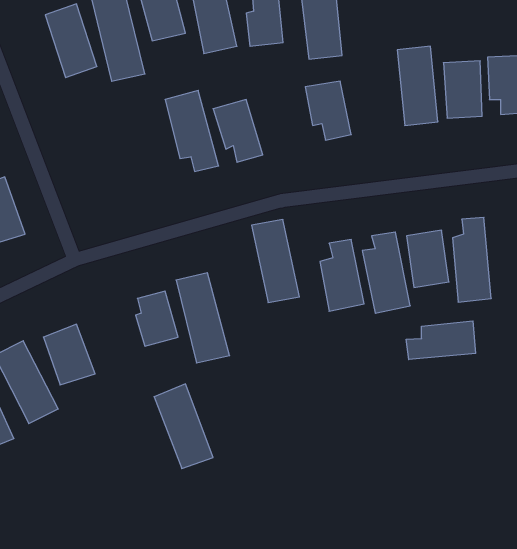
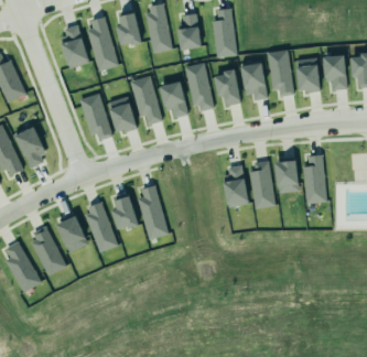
building: none -> [241,61,267,98]
building: none -> [79,93,112,142]
building: none -> [107,96,138,134]
building: [252,220,299,303] -> [185,63,214,112]
building: [406,321,476,360] -> none
building: [154,384,213,469] -> [83,202,118,252]

